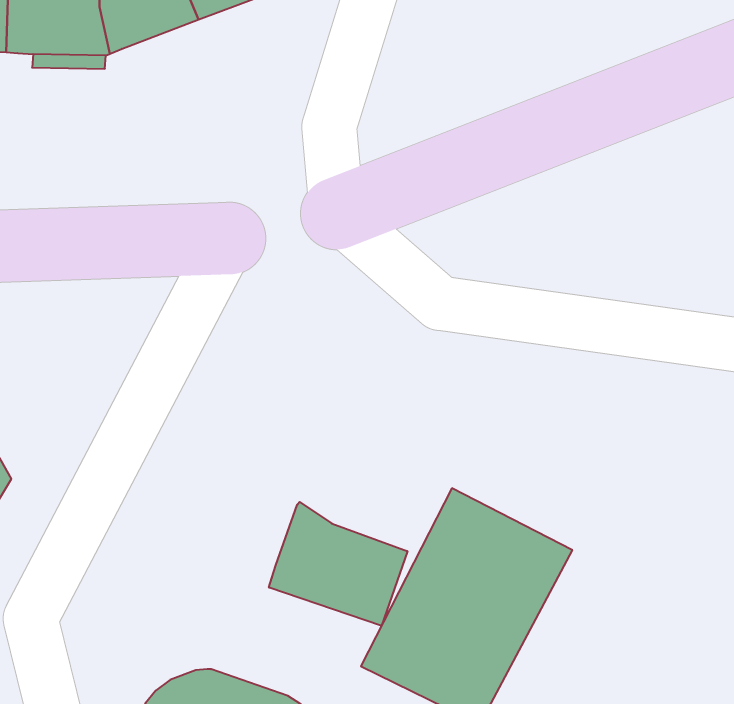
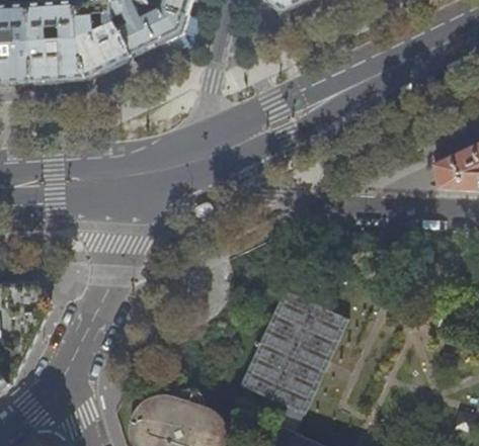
building: [269,502,407,626] -> none

